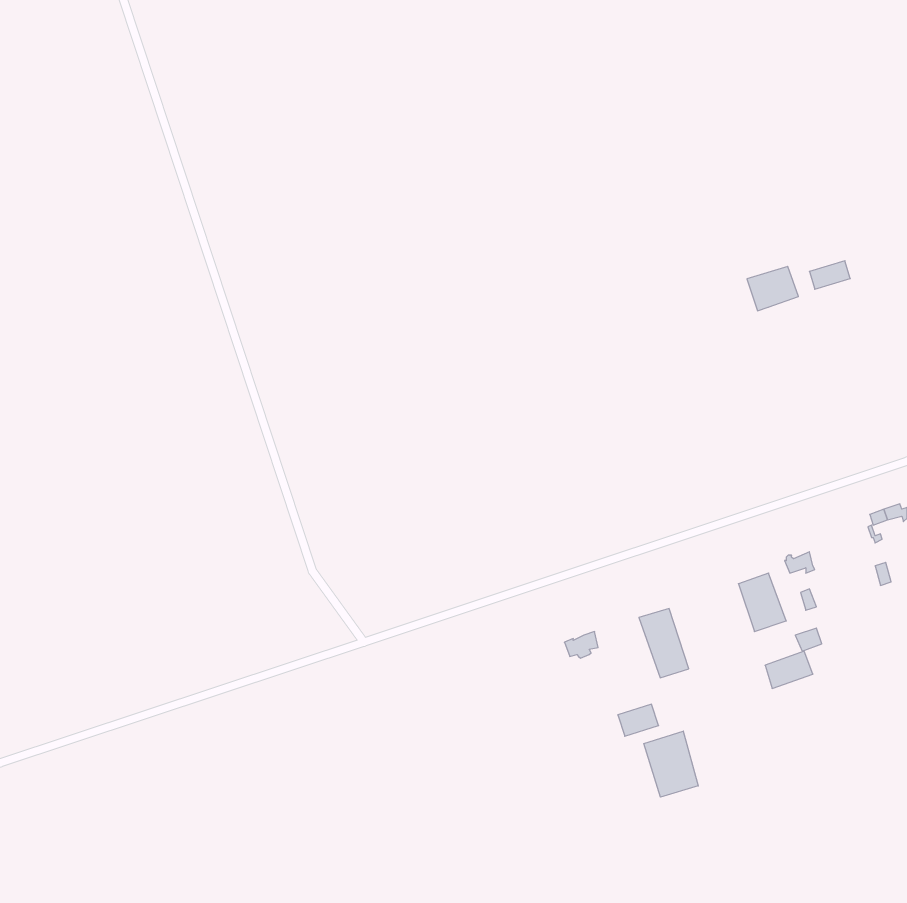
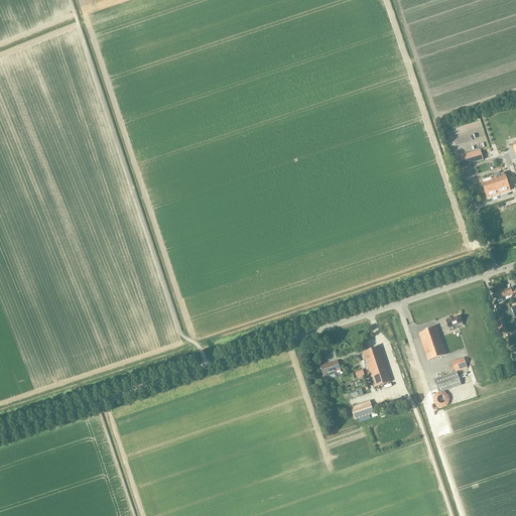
building: [747,266,798,311] -> [481,171,510,197]
building: [644,731,698,797] -> none

